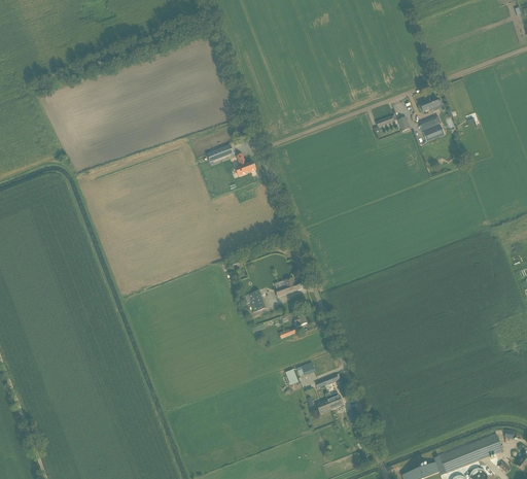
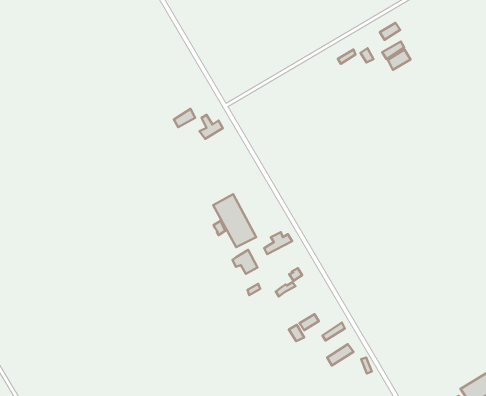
building: none -> [213,194,256,247]

